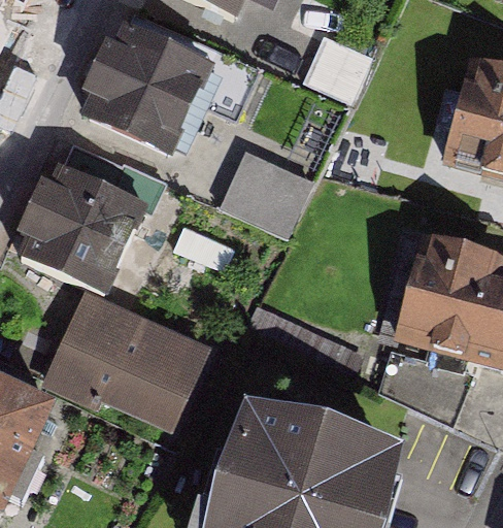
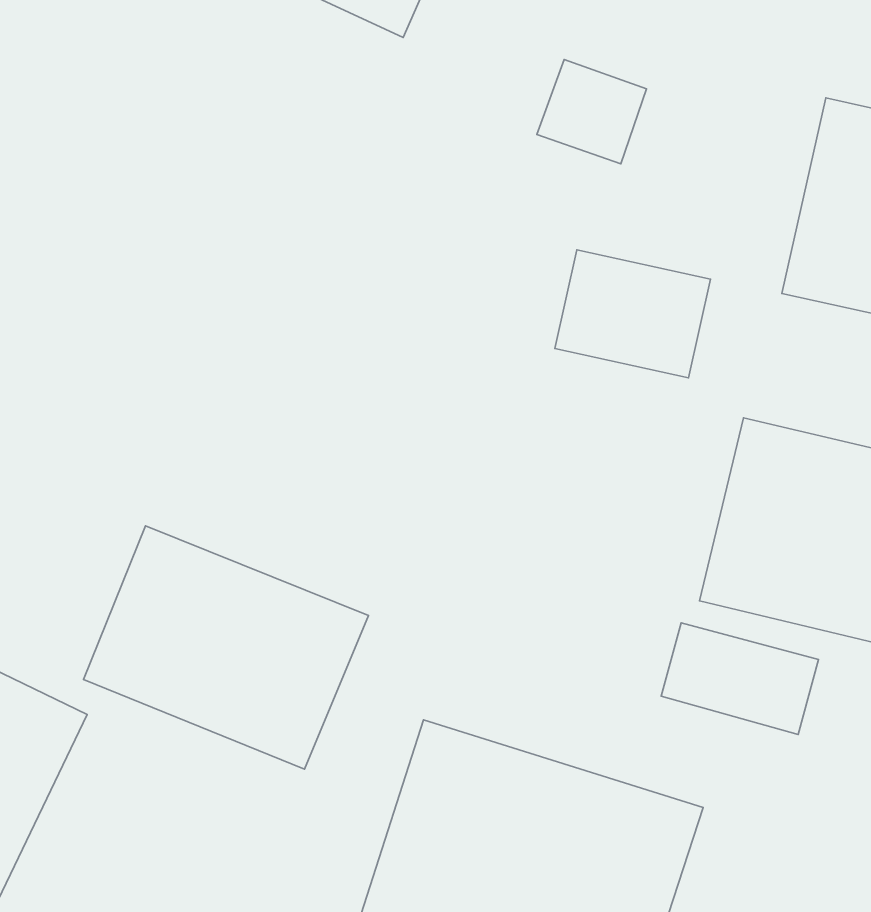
building: [76,27,210,161] -> none
building: [223,155,310,227] -> [555,250,710,378]
building: [18,157,147,287] -> none

